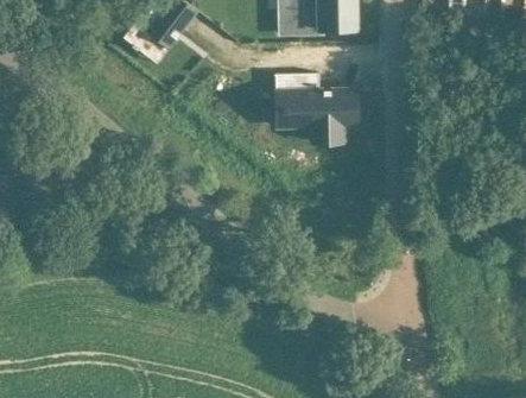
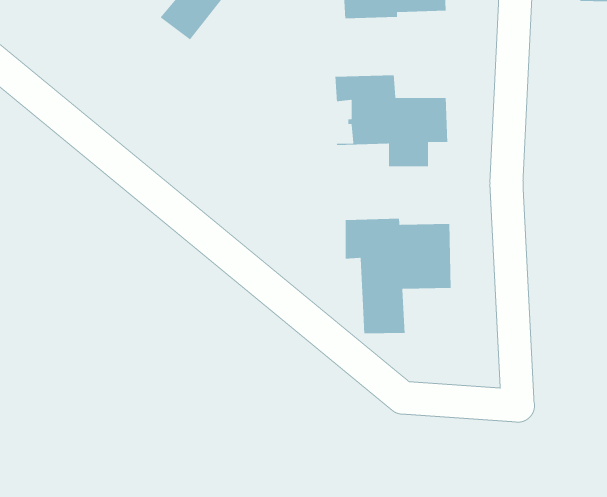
building: none -> [345,218,452,334]

